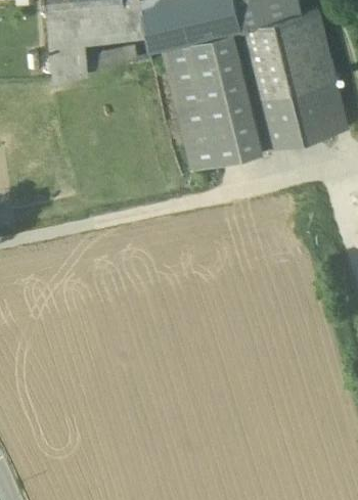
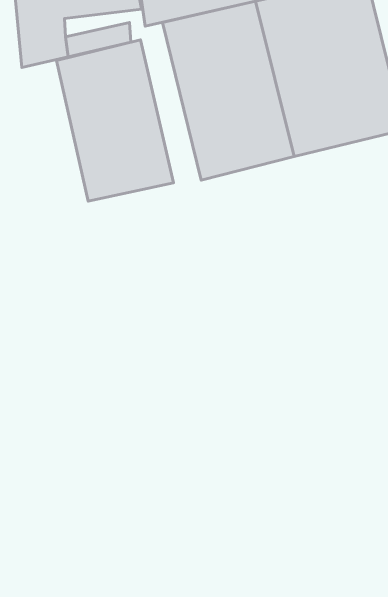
building: none -> [56,40,173,201]

